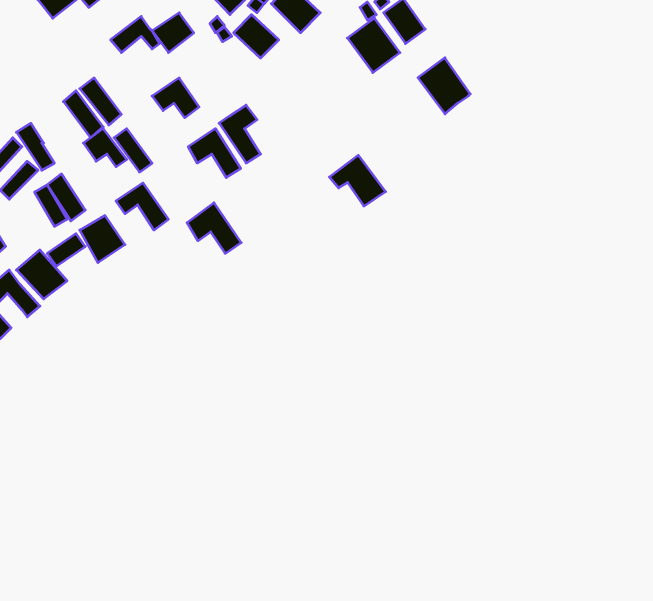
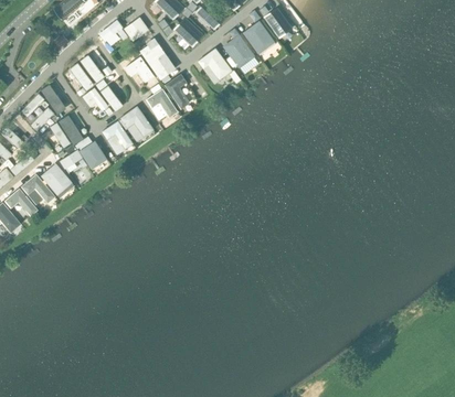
building: none -> [139,44,168,79]
building: [418,58,470,114] -> [222,34,254,68]
building: [329,155,386,206] -> [197,49,231,79]
building: [187,203,241,253] -> [119,106,152,137]

